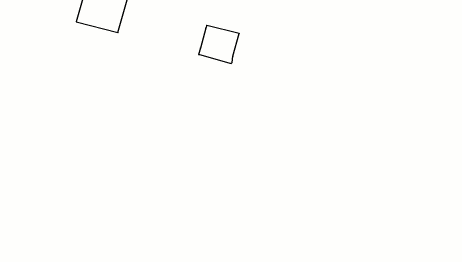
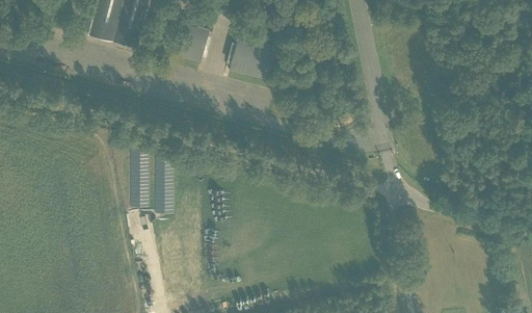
building: none -> [177,25,209,66]

